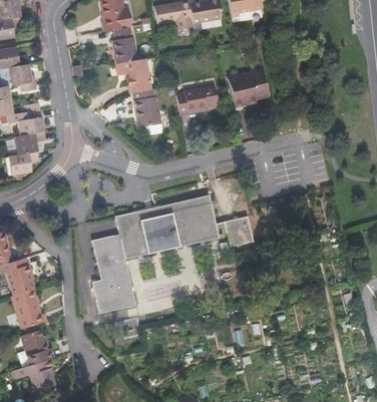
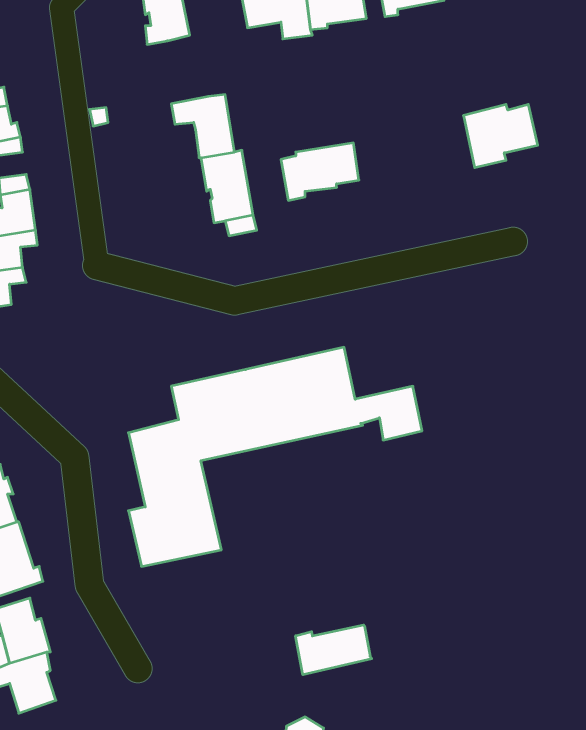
building: [112,26,136,63] -> none
building: [229,72,269,106] -> [463,104,538,168]
building: none -> [296,625,372,675]

